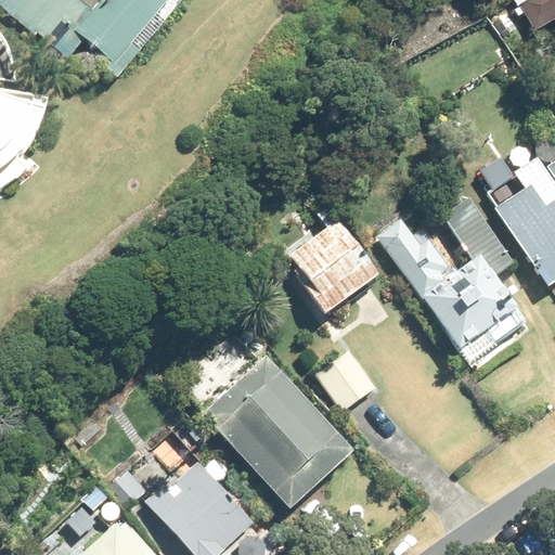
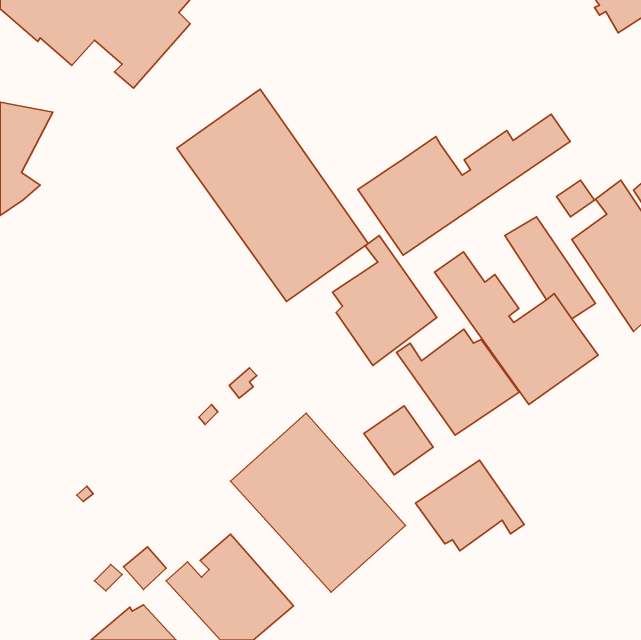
building: none -> [177,89,368,301]
building: none -> [358,114,570,255]
building: none -> [397,329,519,435]
building: none -> [416,460,524,551]

